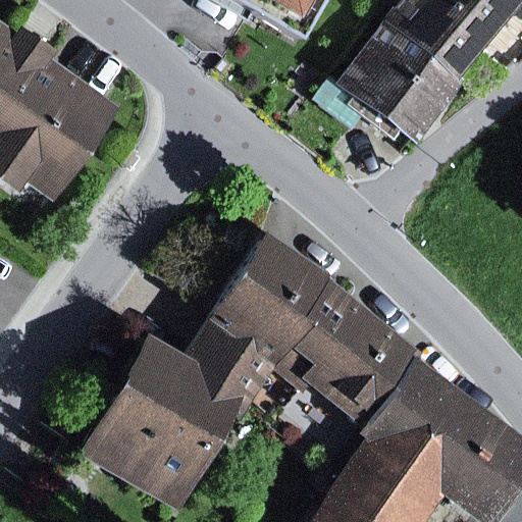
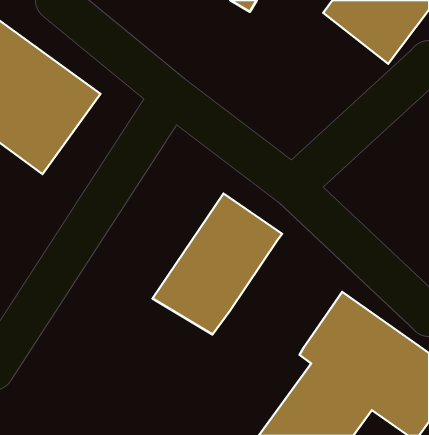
building: [338,16,464,138] -> none
building: [275,289,413,417] -> none
building: [84,340,254,508] -> none

